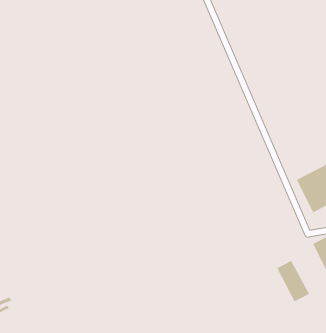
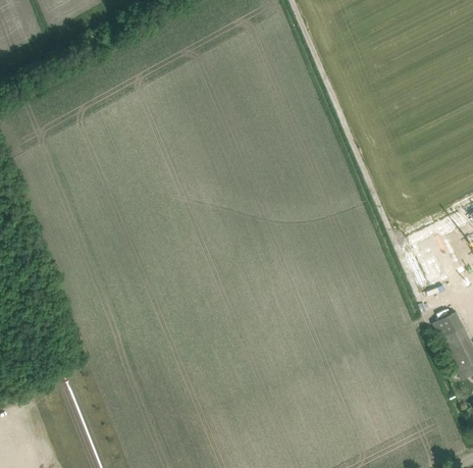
building: [276,260,310,303] -> none

